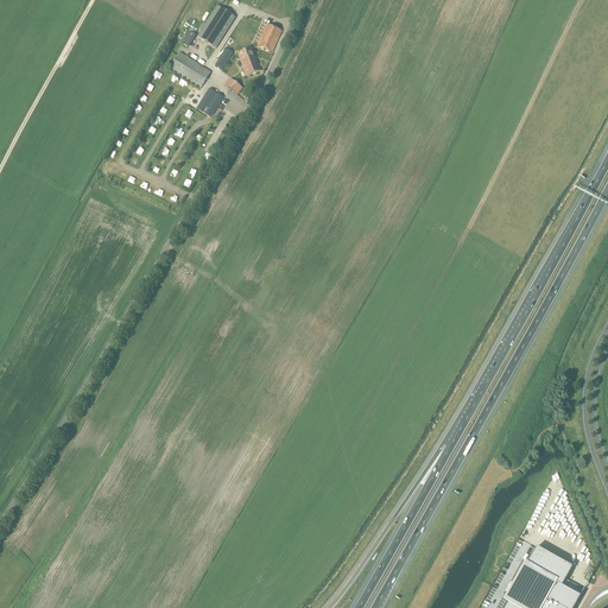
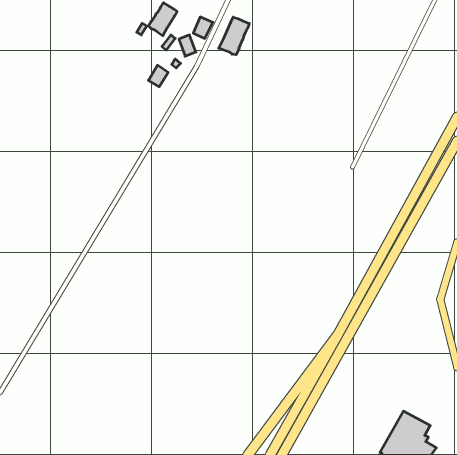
building: none -> [219,17,249,55]
building: [169,50,211,87] -> none

